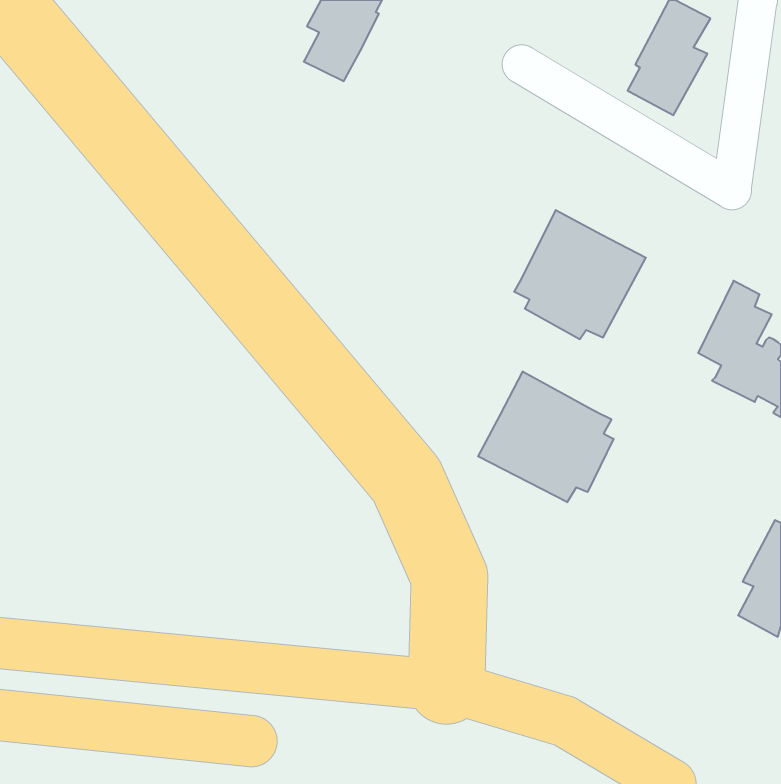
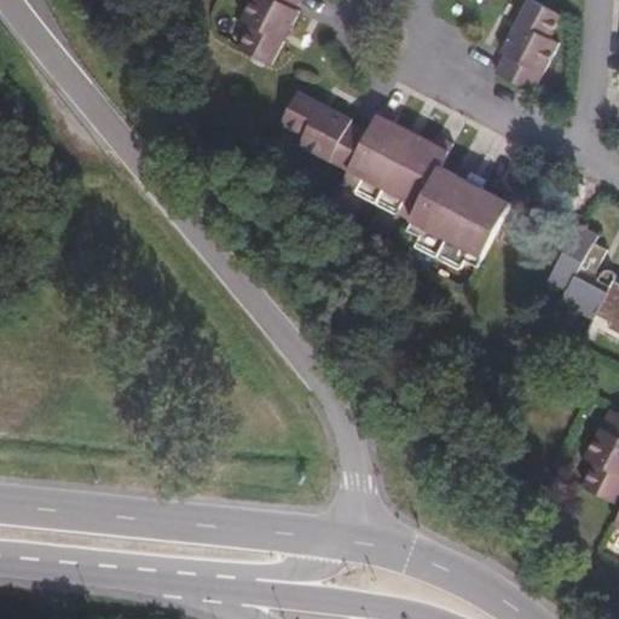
building: none -> [280,92,450,219]
building: [478,371,614,502] -> none

